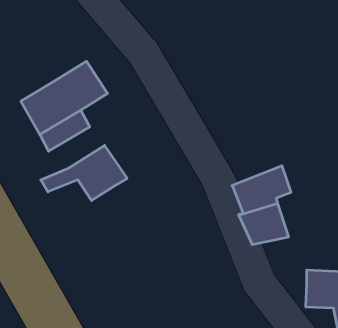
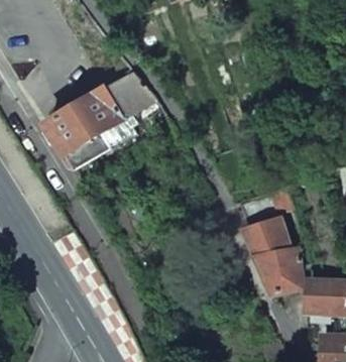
building: none -> [105,72,157,119]
building: [41,145,127,201] -> none
building: none -> [255,248,297,294]

